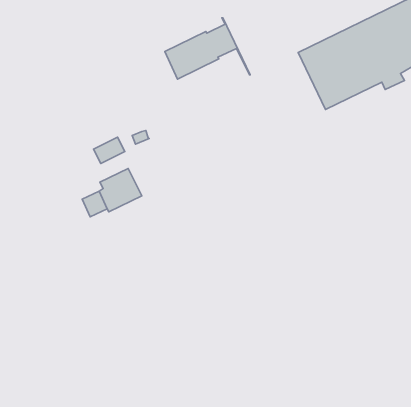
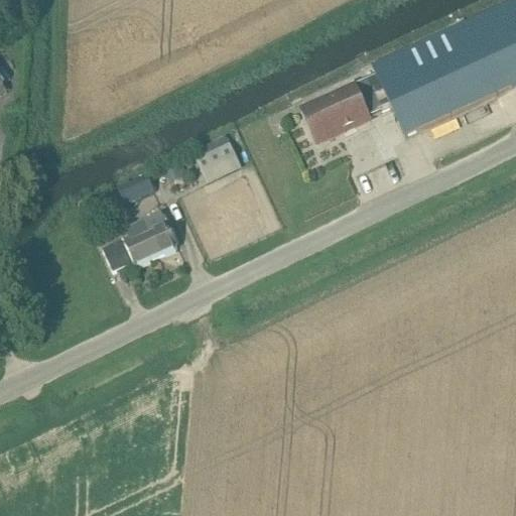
building: [165,18,250,79] -> [301,66,408,142]
building: none -> [197,134,241,180]

